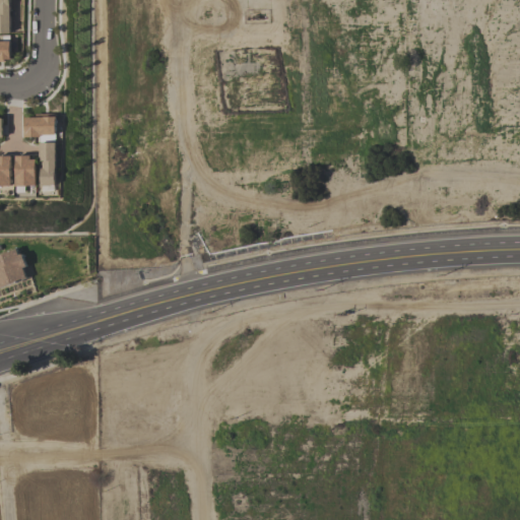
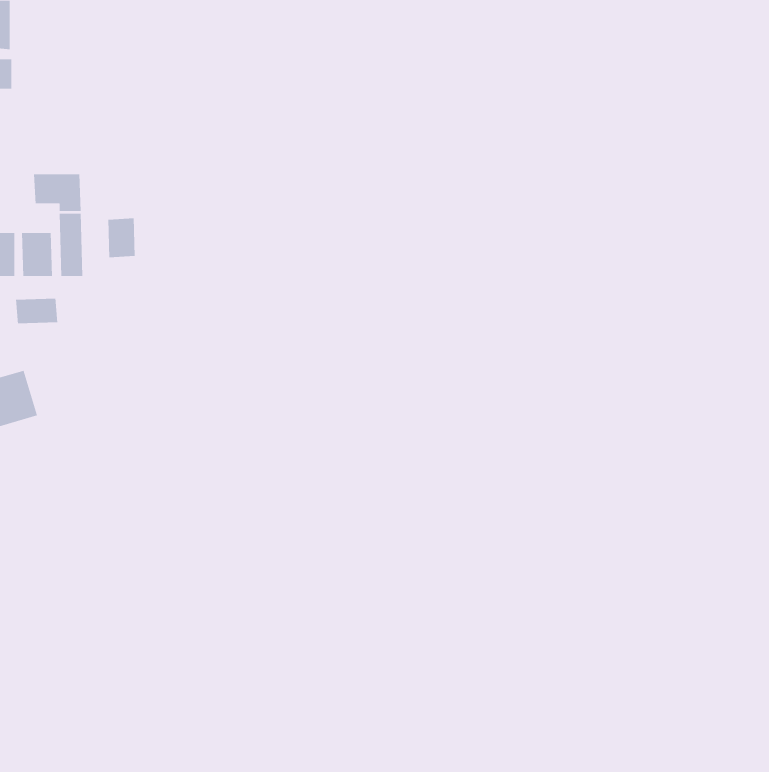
building: none -> [108,218,135,258]
building: none -> [16,298,58,324]

